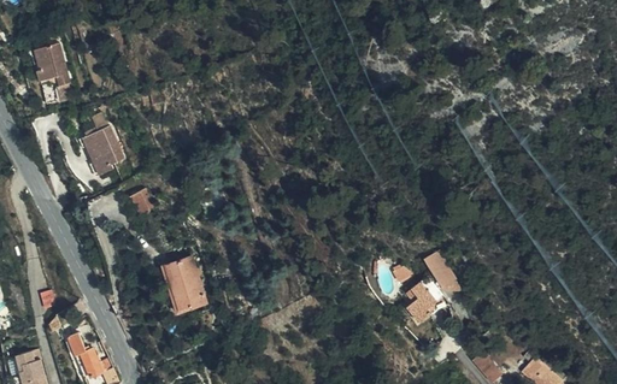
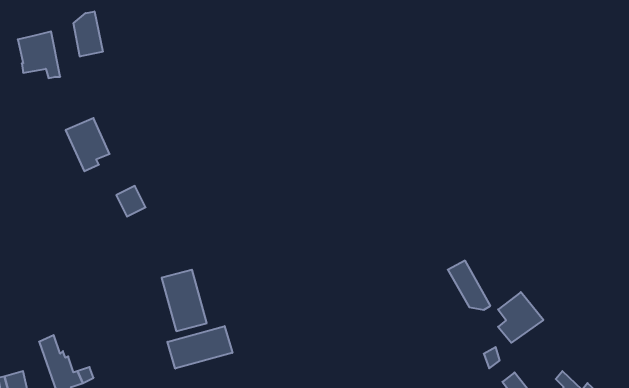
building: none -> [73,11,103,57]
building: [405,277,446,323] -> [498,292,543,343]
building: none -> [167,326,232,369]

